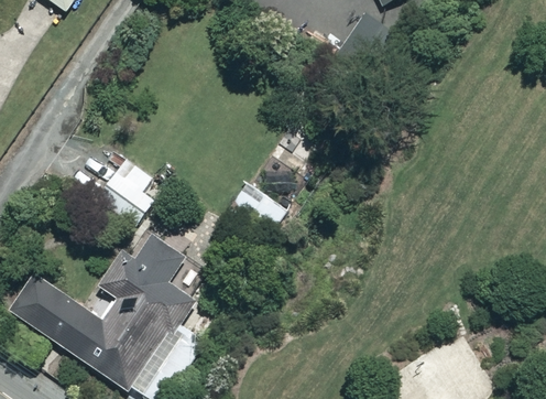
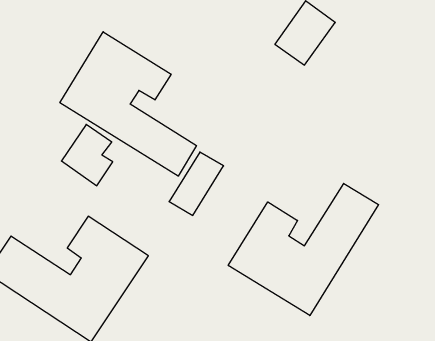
building: none -> [60,32,196,176]
building: none -> [228,183,379,316]

